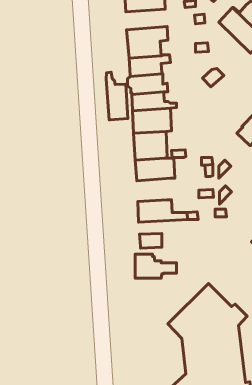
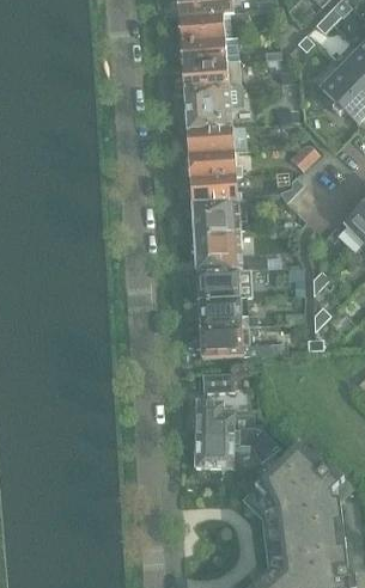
building: none -> [182,61,239,90]
building: [106,72,128,120] -> none
building: none -> [196,295,256,327]
building: none -> [194,427,278,467]

